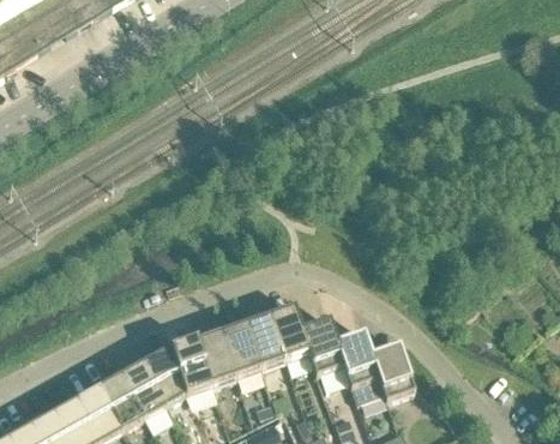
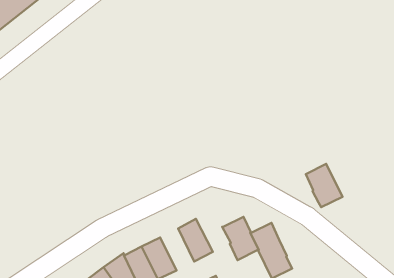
building: [267,308,308,361] -> none
building: [219,326,259,379] -> none
building: [371,347,414,401] -> [306,164,342,207]

